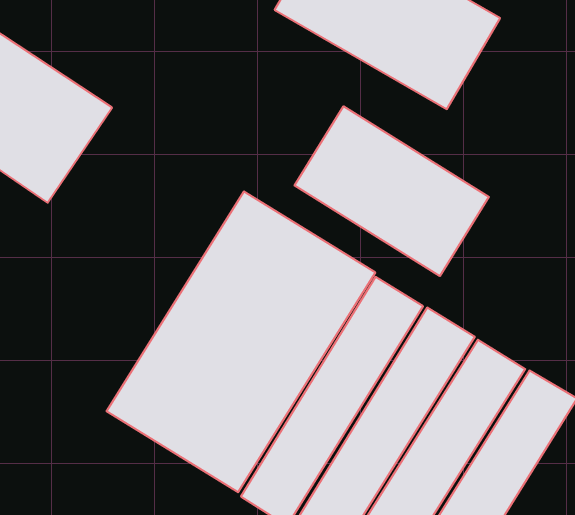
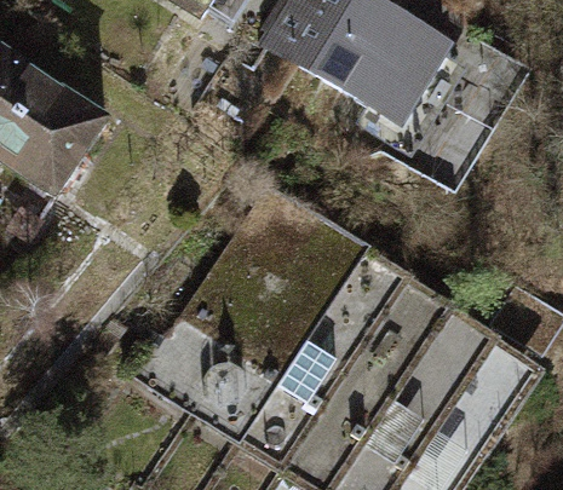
building: [295,106,489,276] -> none

